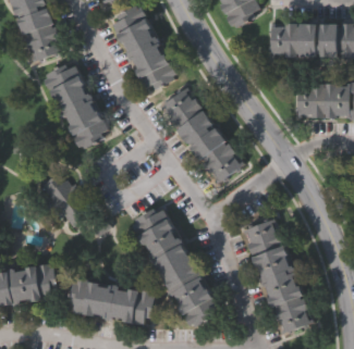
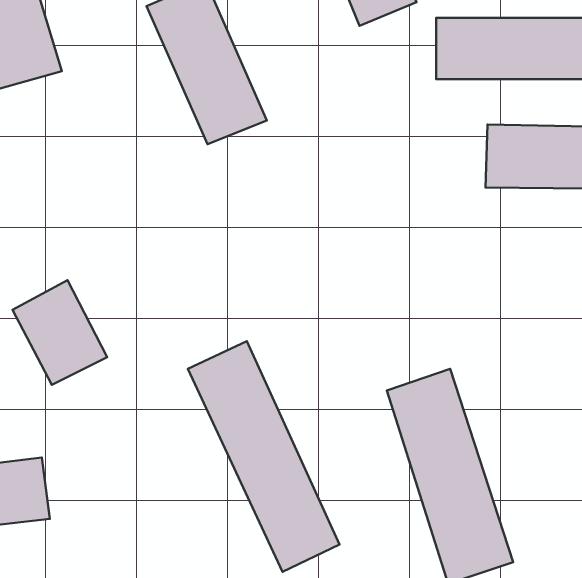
building: [41,59,110,150] -> none
building: [160,85,243,187] -> none
building: [66,279,152,325] -> none

